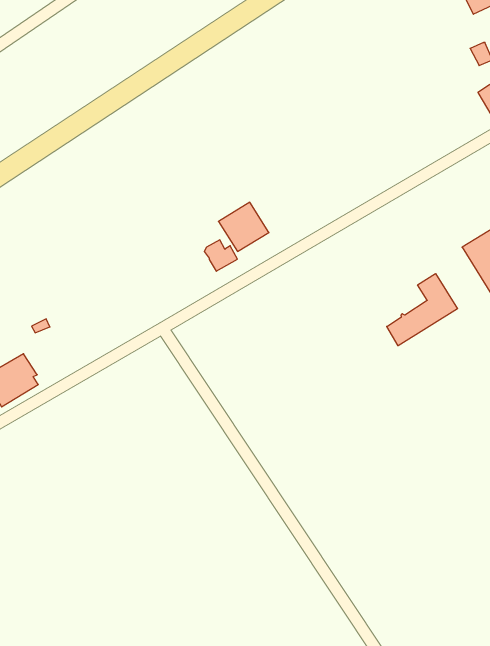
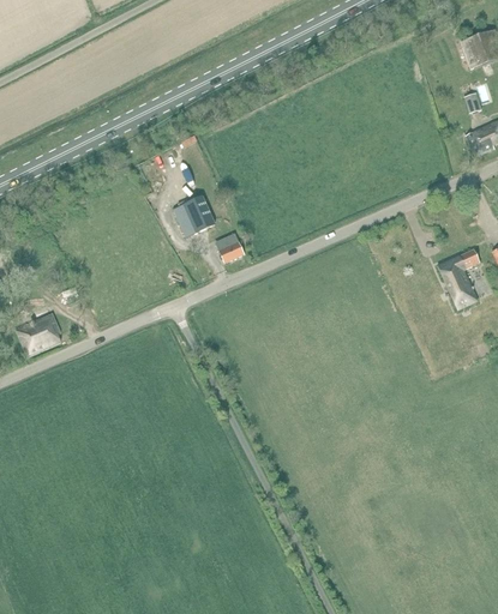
building: [218,202,269,251] -> [174,194,216,235]
building: [387,274,458,346] -> none

